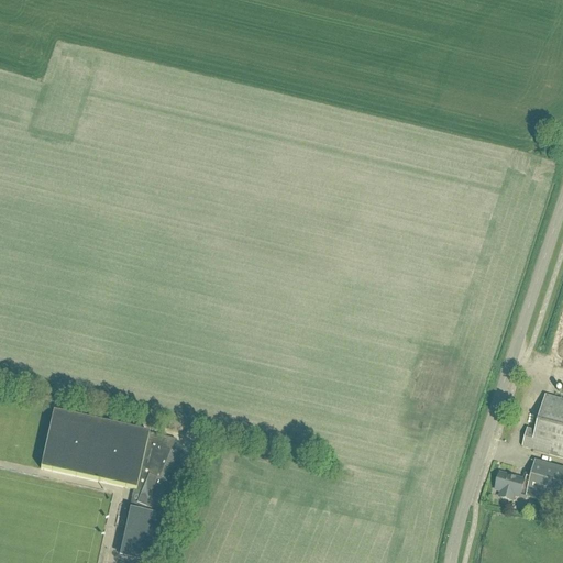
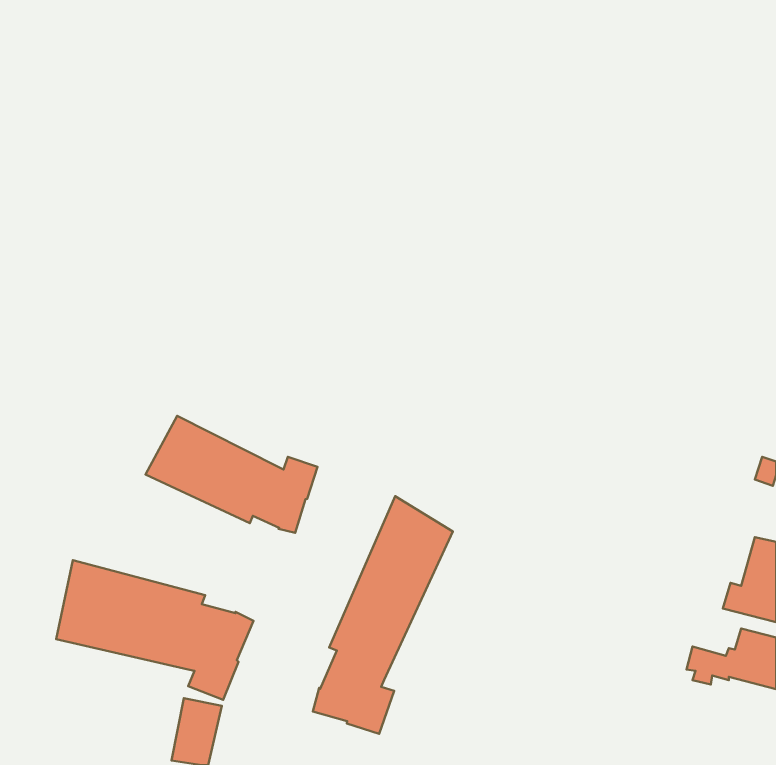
building: none -> [146,416,318,533]
building: none -> [313,496,453,734]

